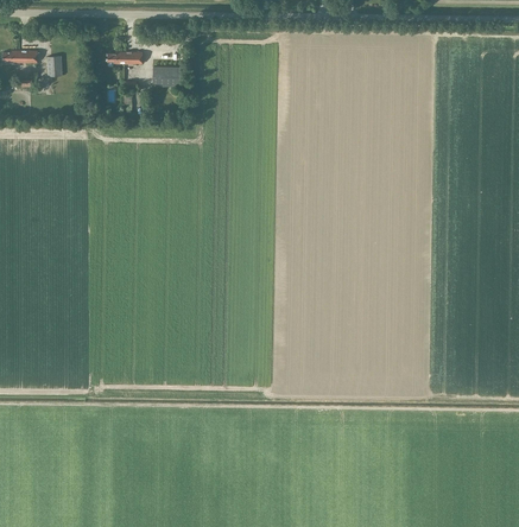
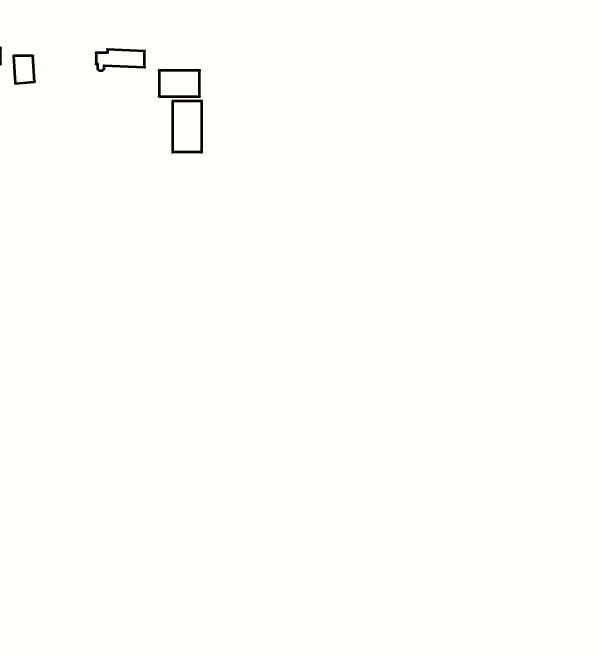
building: none -> [173,101,202,152]

